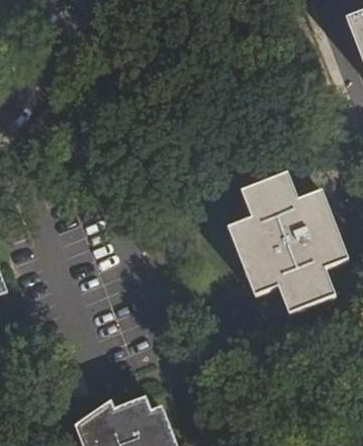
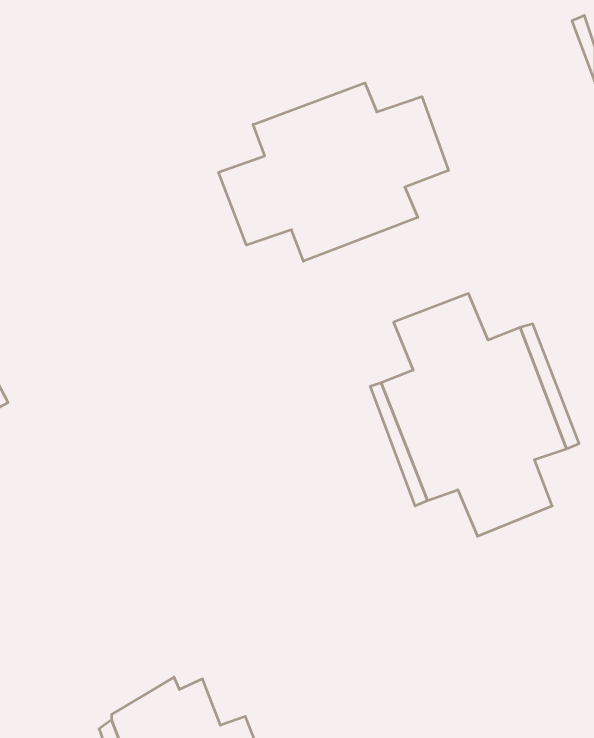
building: none -> [219,83,448,261]

